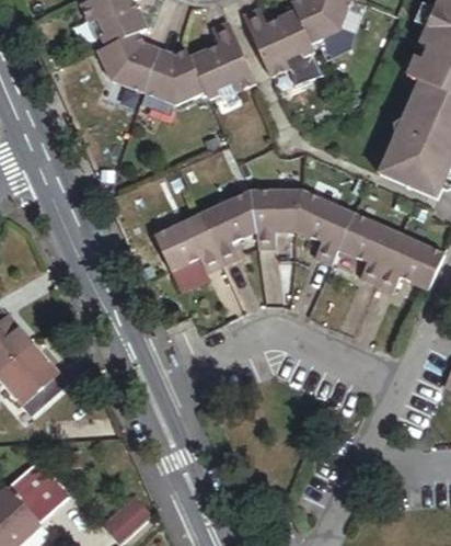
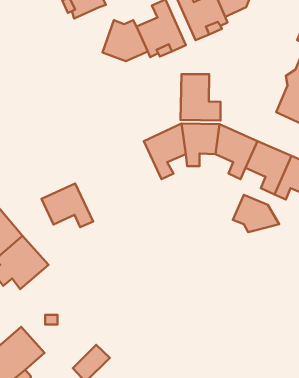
building: [97,31,159,92] -> none
building: none -> [180,74,220,121]
building: [153,213,223,272] -> [41,183,93,227]
building: none -> [233,195,279,232]

